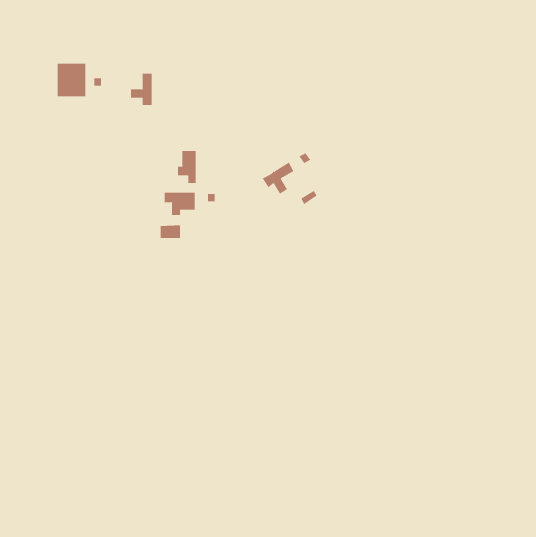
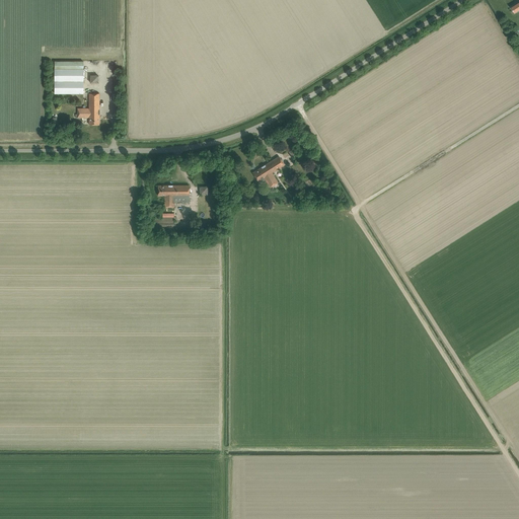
building: [130,73,152,106] -> [79,93,100,125]
building: [178,150,196,184] -> none

